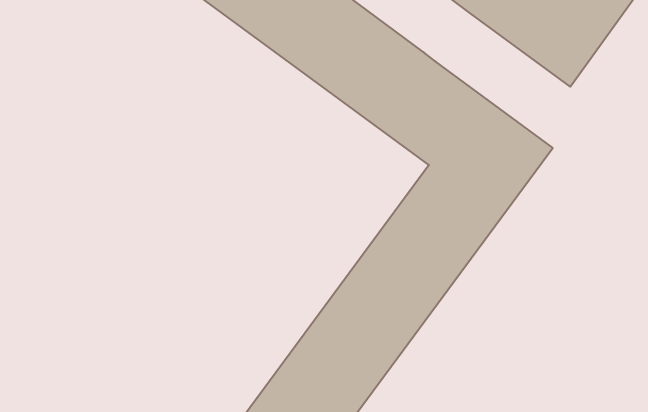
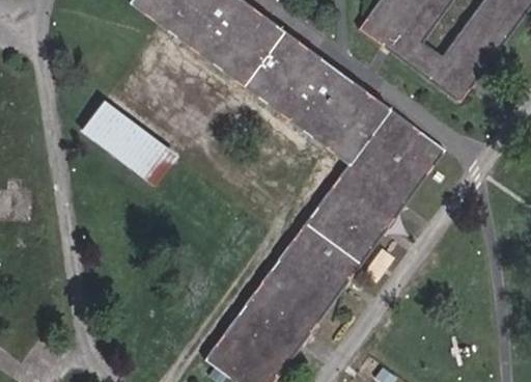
building: none -> [82,99,177,184]

